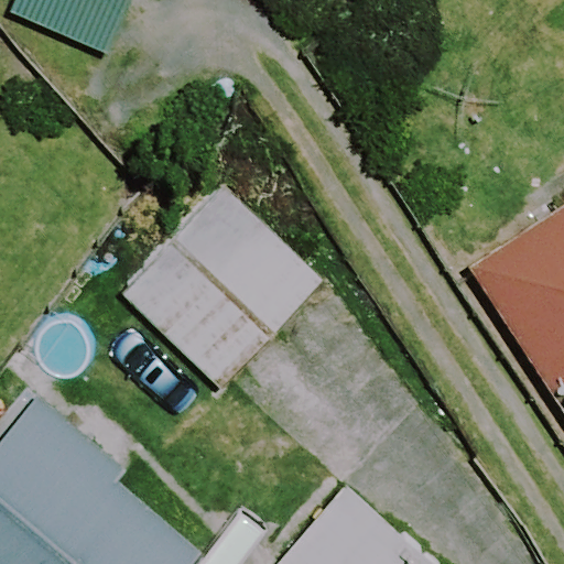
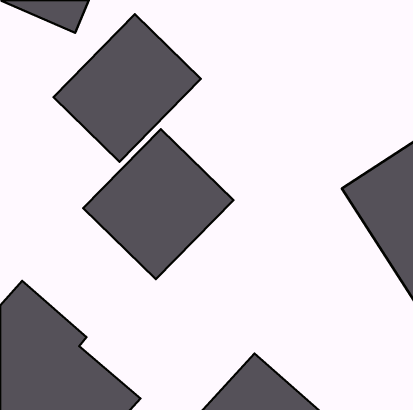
building: none -> [54,14,201,162]

